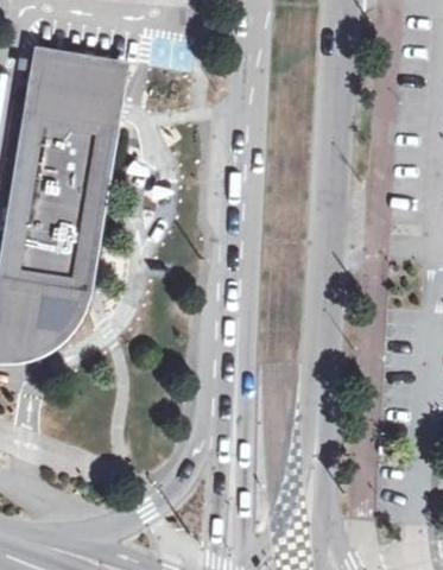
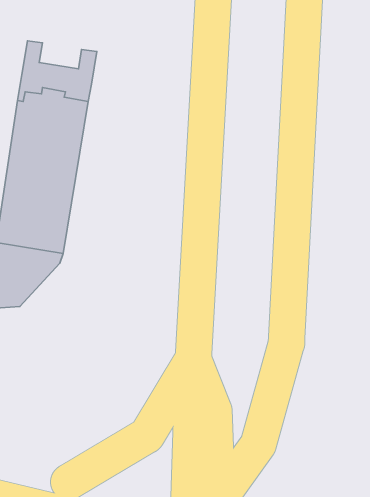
building: [58,51,105,84] -> none

